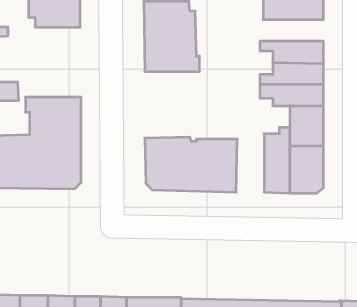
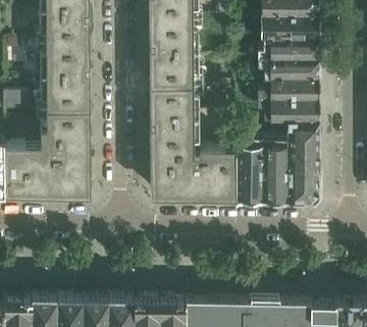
building: none -> [259,39,319,59]
building: none -> [37,46,90,112]
building: none -> [150,88,202,151]
building: none -> [237,141,263,202]

